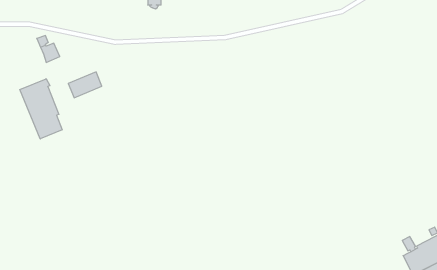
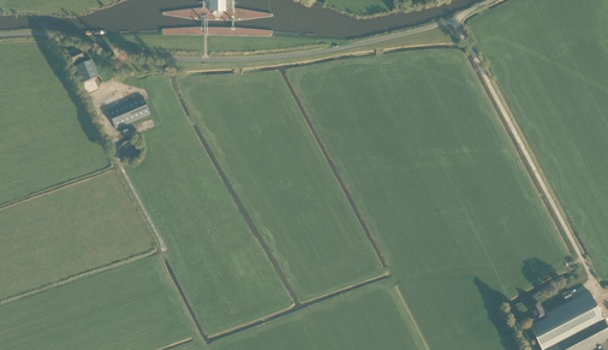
building: [20,79,62,139] -> none

